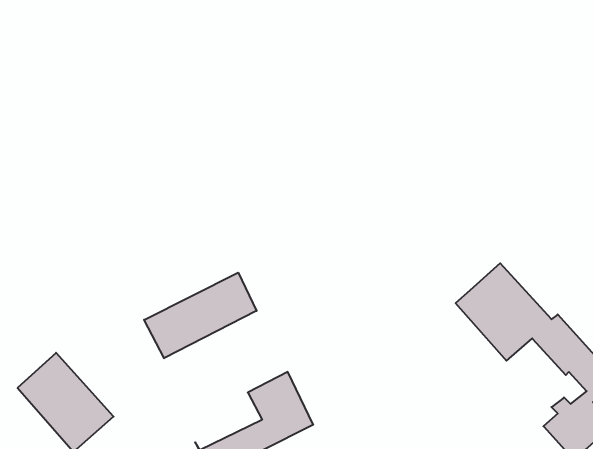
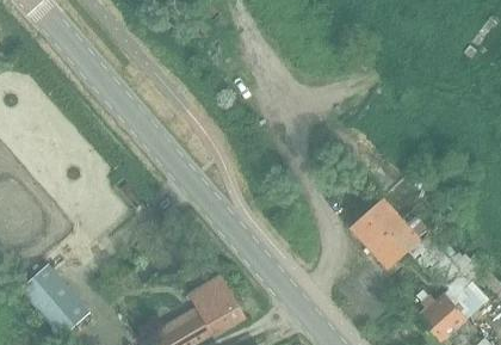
building: [144,273,257,358] -> none

